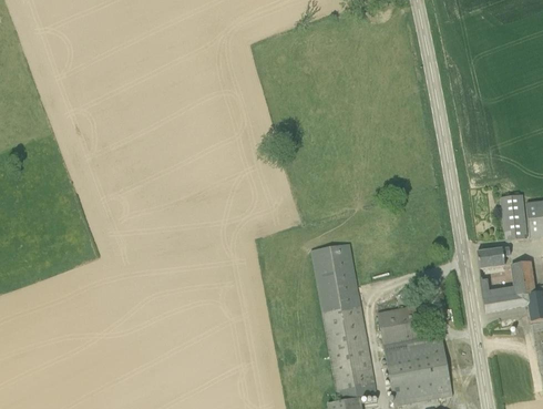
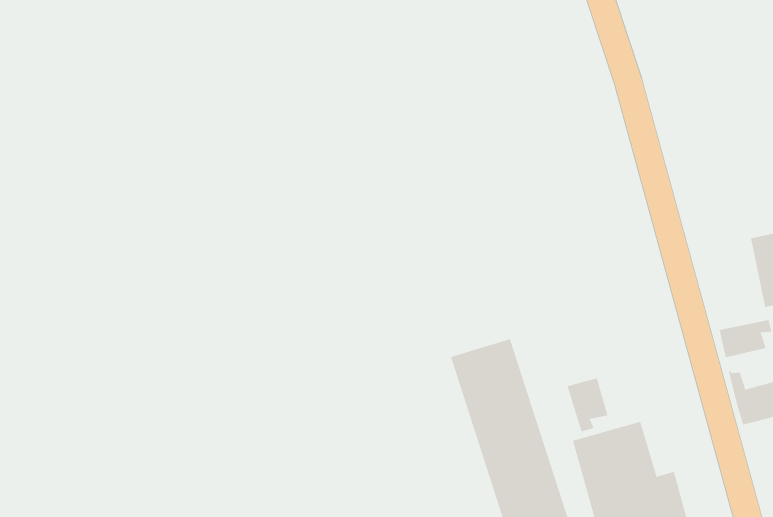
building: none -> [567,377,608,432]

